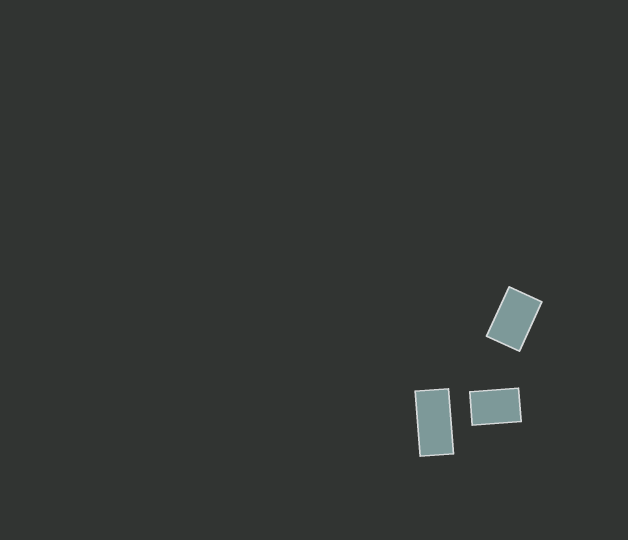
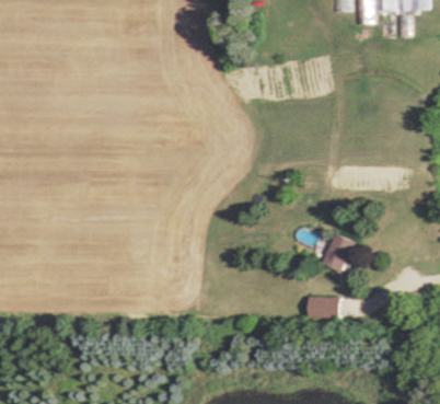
building: [415,389,453,456] -> none

